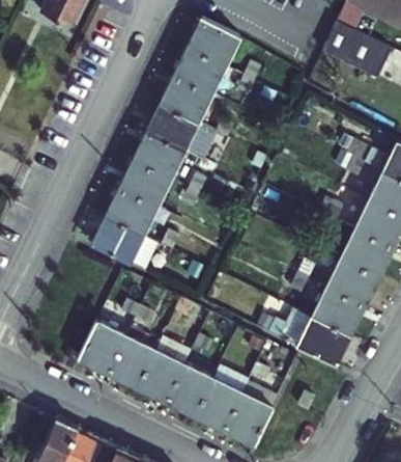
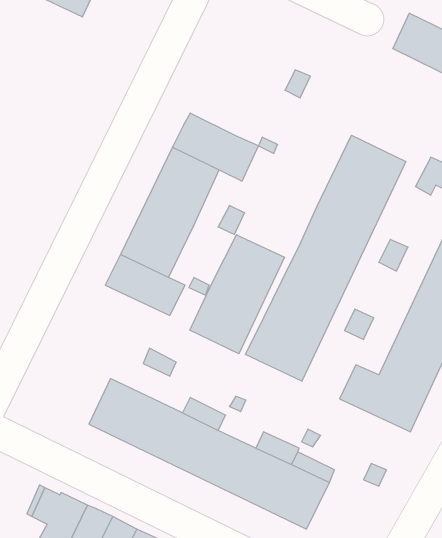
building: [159,19,237,124] -> none
building: none -> [246,135,406,381]
building: none -> [190,235,285,354]

